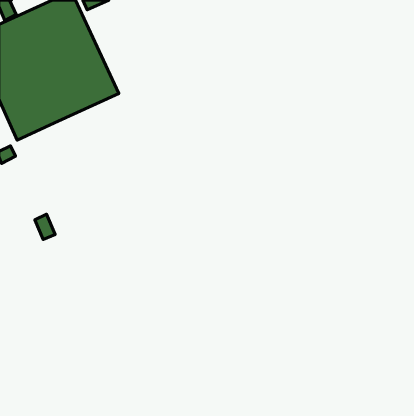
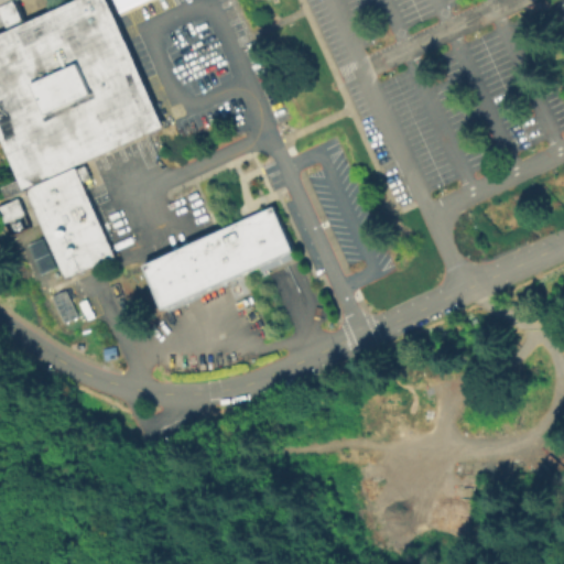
building: none -> [23,166,116,279]
building: none -> [143,207,291,307]

